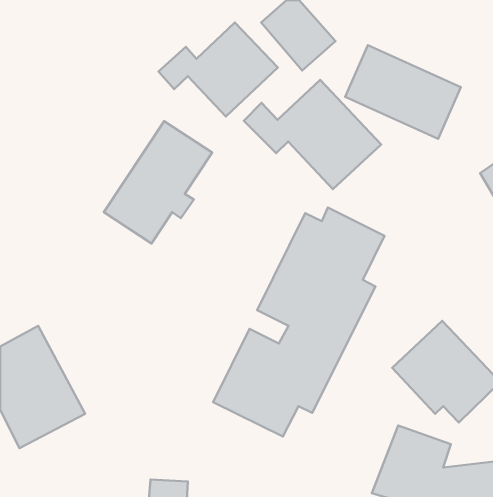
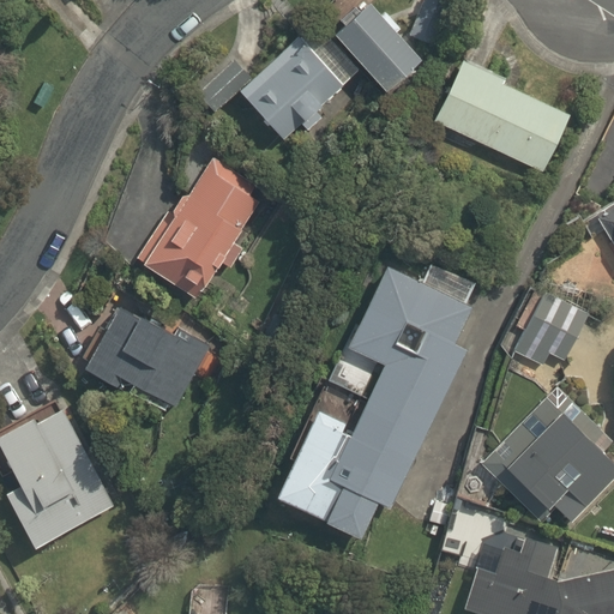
building: [244,80,381,189] -> none
building: none -> [498,287,594,367]
building: none -> [79,302,217,413]

